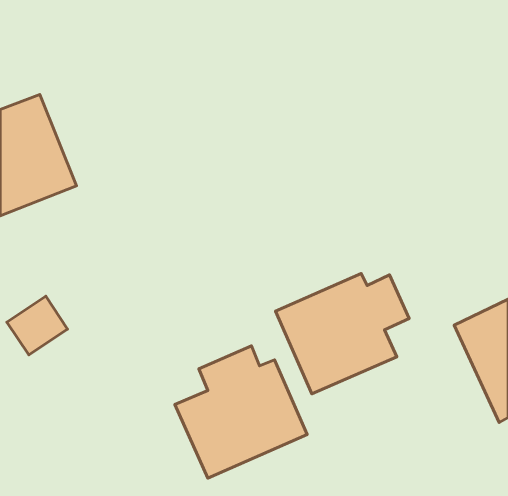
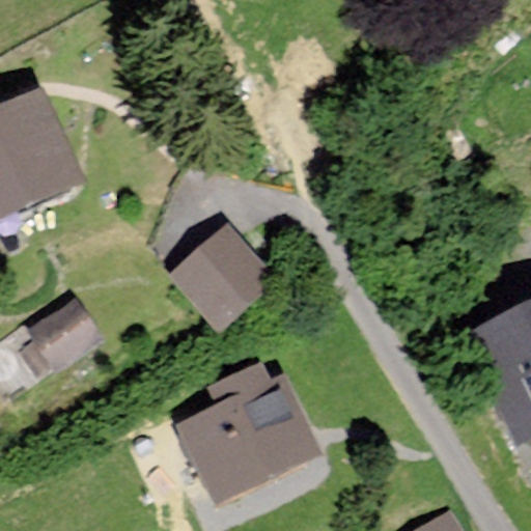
building: none -> [177,226,278,325]
building: [275,273,409,394] -> none

